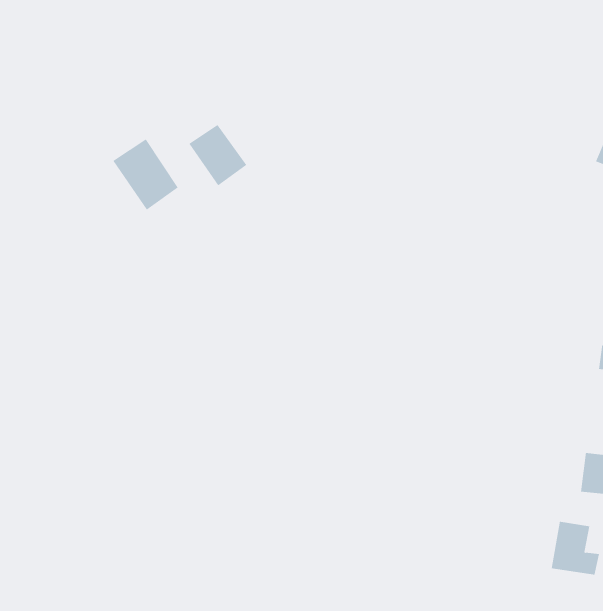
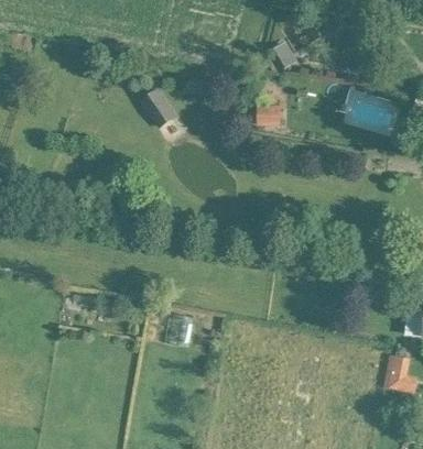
building: [113,139,178,210] -> none

